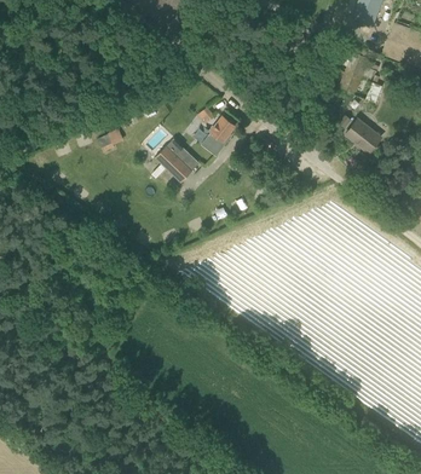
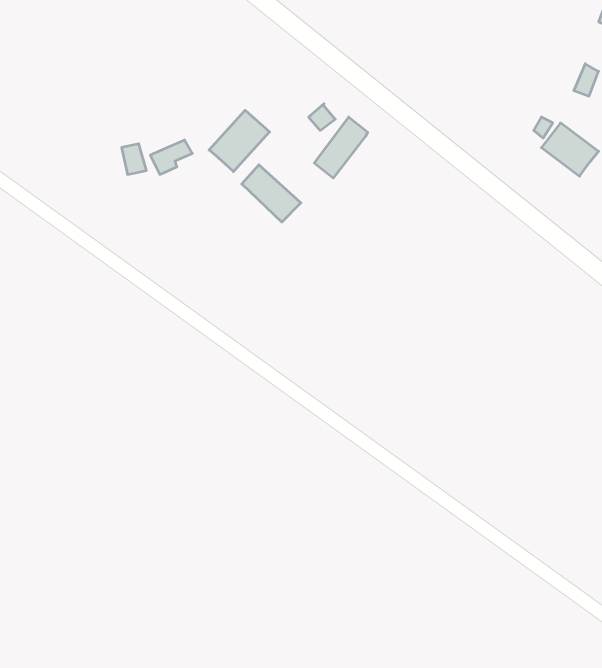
building: [340,50,370,92] -> none
building: none -> [209,110,270,172]

